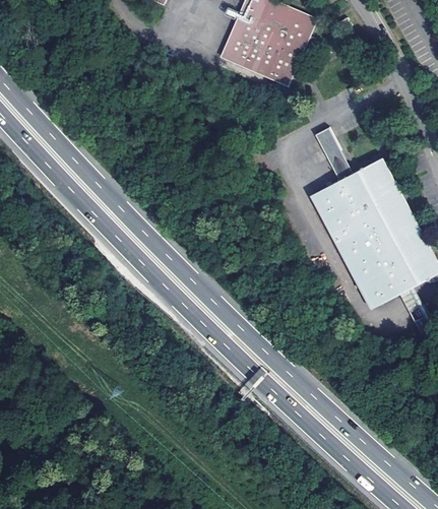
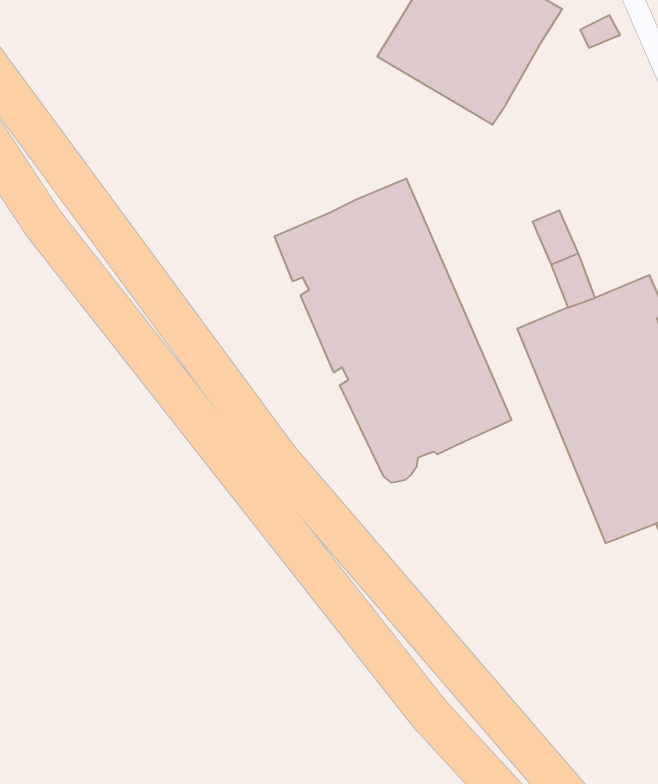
building: none -> [275,178,511,483]

